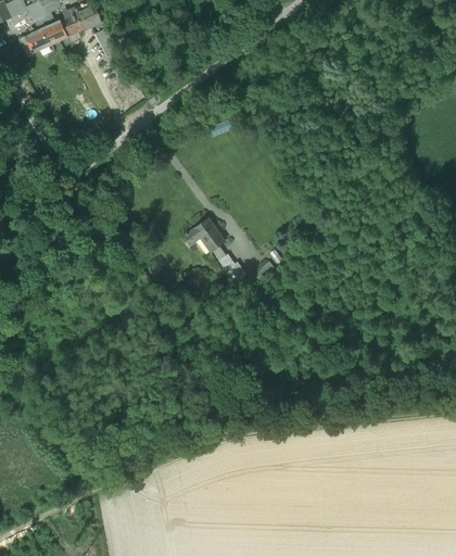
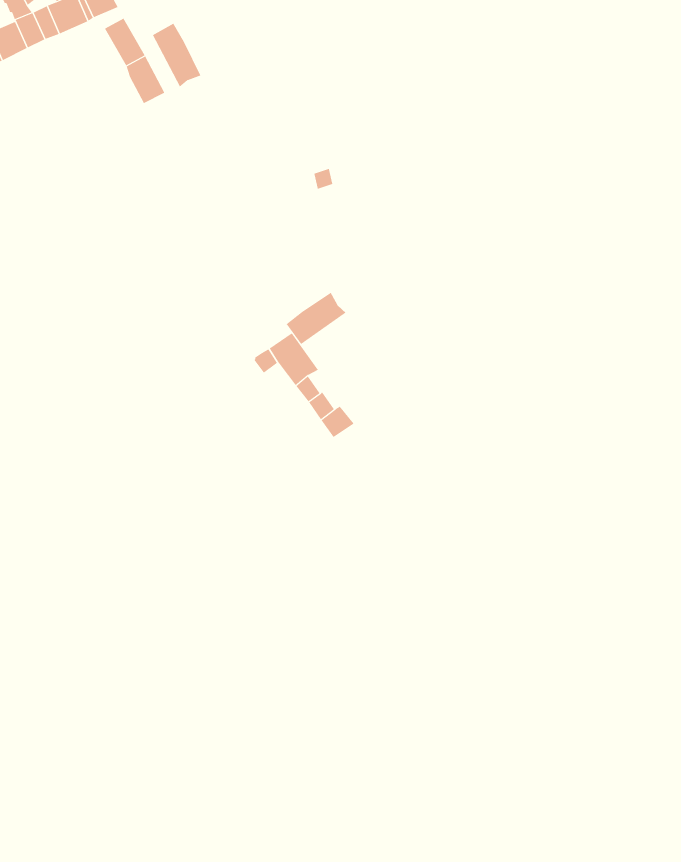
building: none -> [152,23,201,88]
building: none -> [286,292,346,345]

